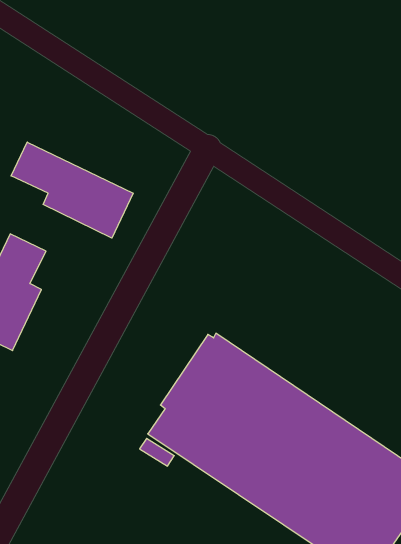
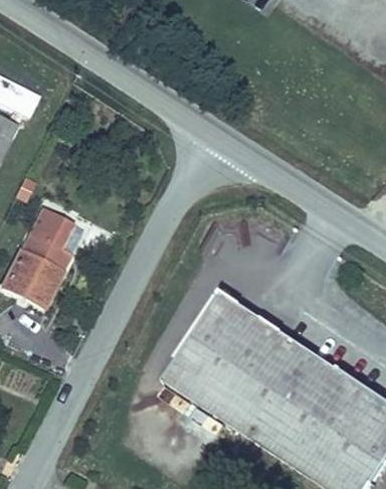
building: [11,142,133,238] -> none

